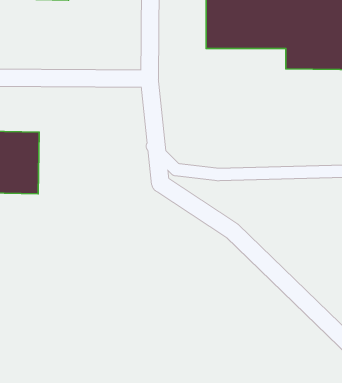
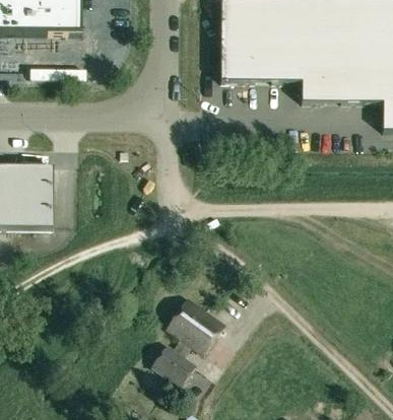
building: none -> [150,295,222,383]

